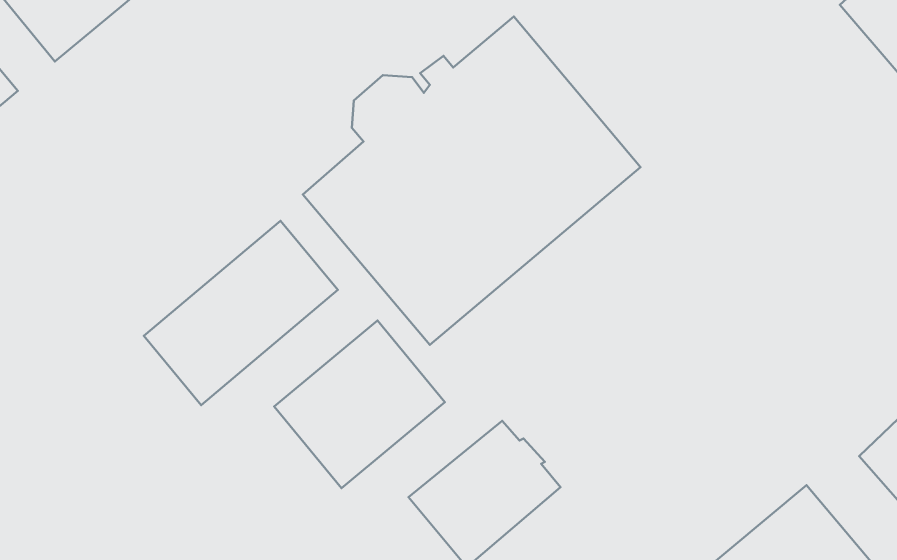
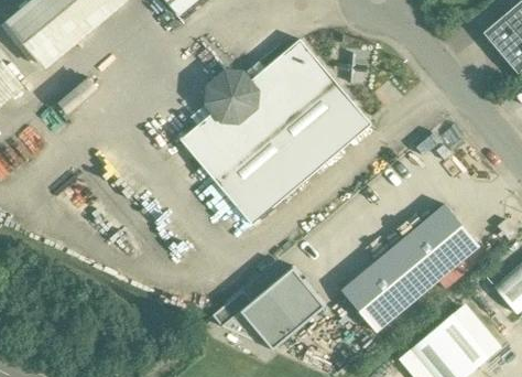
building: [144,221,338,405] -> none
building: none -> [341,204,479,333]
building: [274,320,445,488] -> none

